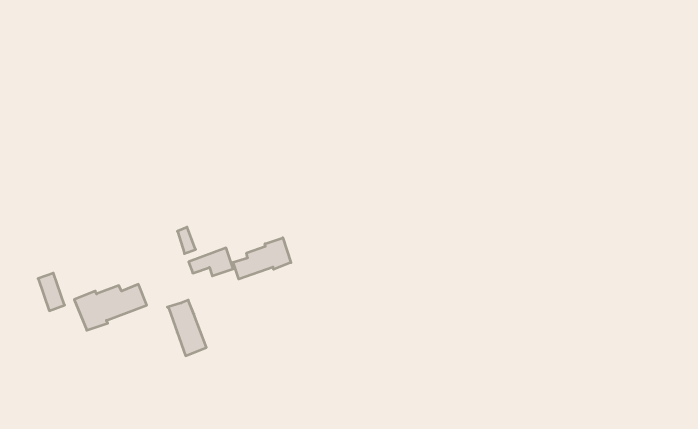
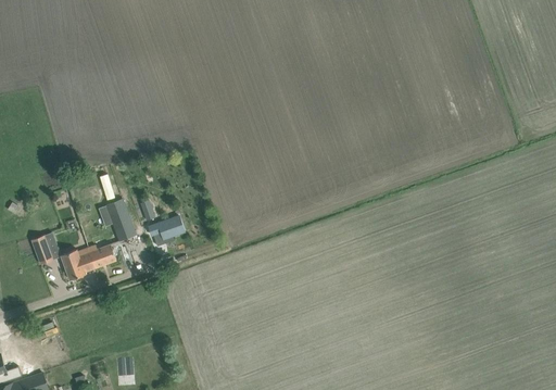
building: [233,238,291,279] -> none
building: [167,300,206,356] -> [105,198,136,241]

